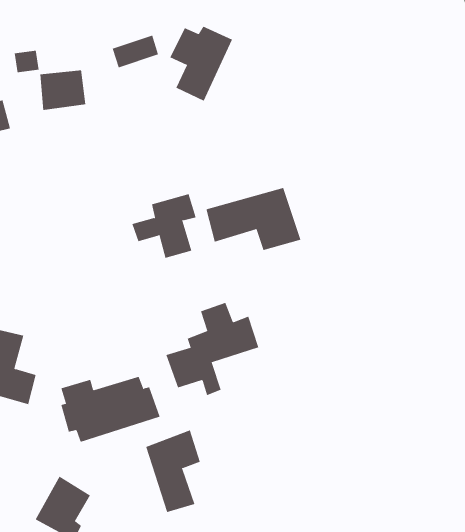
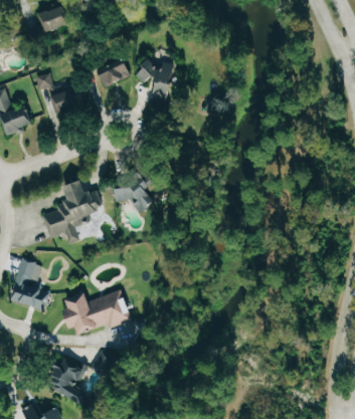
building: [206,187,301,251] -> none
building: [166,302,259,396] -> [41,181,104,243]
building: [146,430,201,513] -> none

